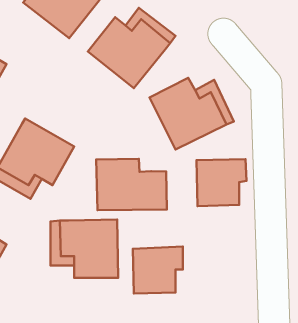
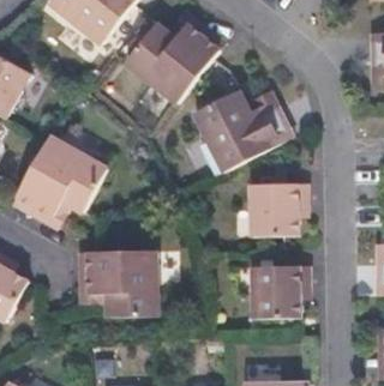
building: [96,159,167,210] -> none
building: [133,247,183,294] -> [248,266,306,320]

